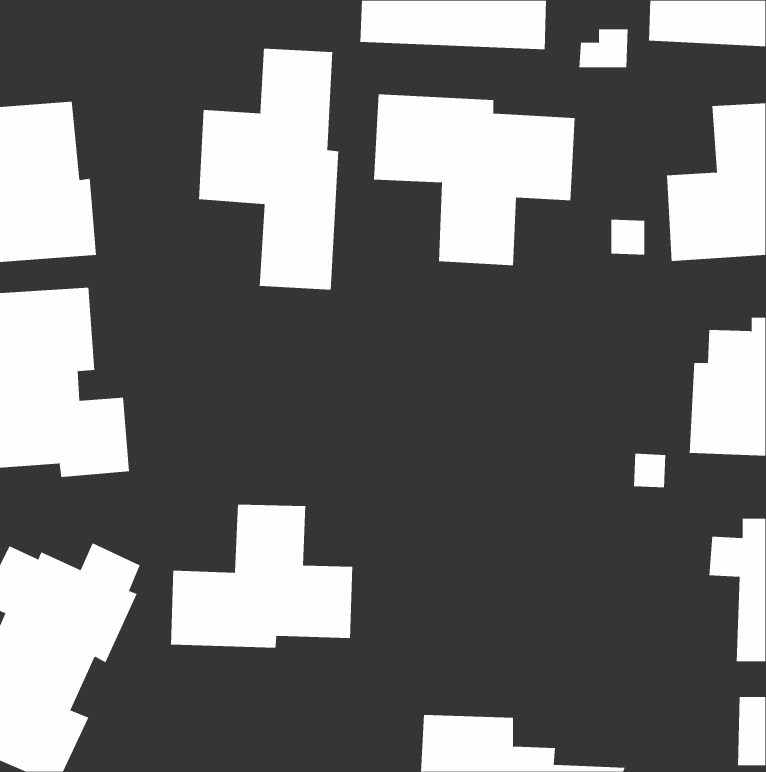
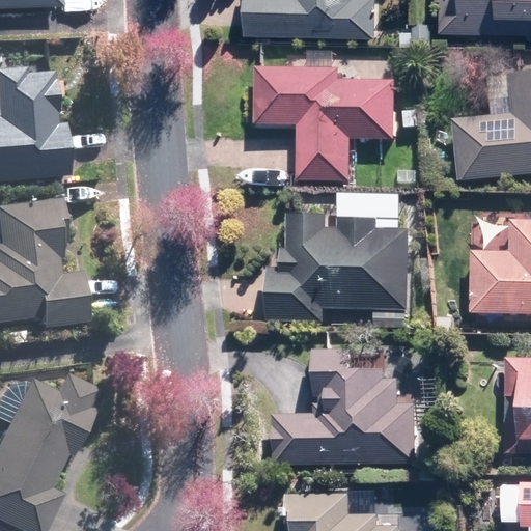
building: [199,48,339,290] -> none
building: none -> [269,193,411,326]
building: [171,504,353,648] -> none
building: none -> [276,347,418,466]

